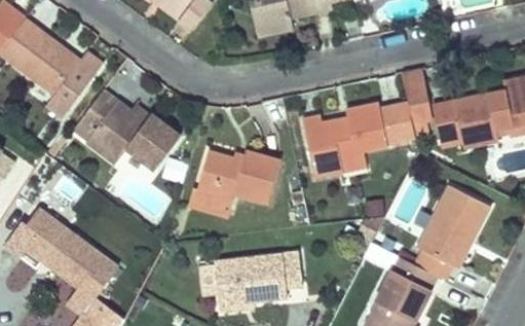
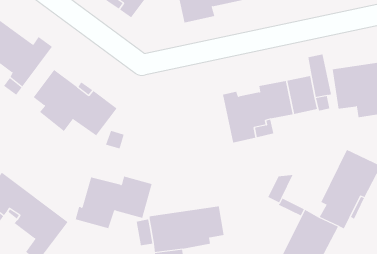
building: [191,154,283,217] -> [75,176,152,229]

